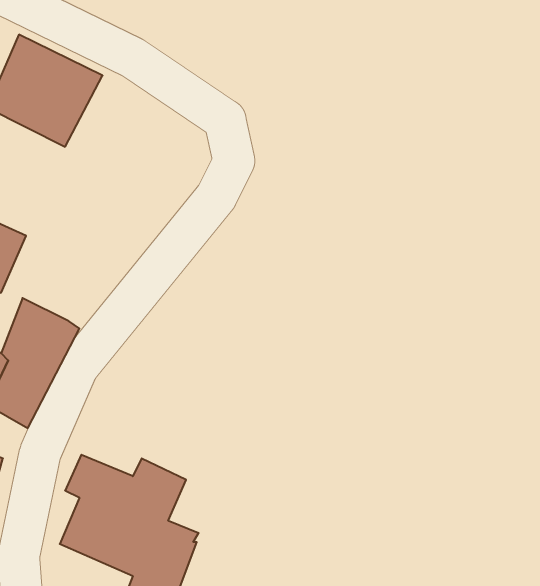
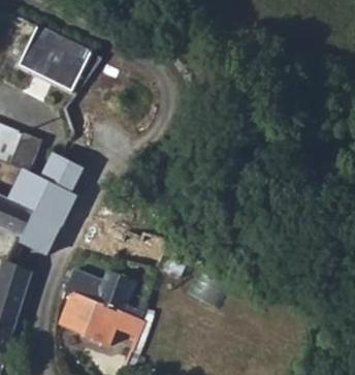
building: none -> [40,155,78,192]

